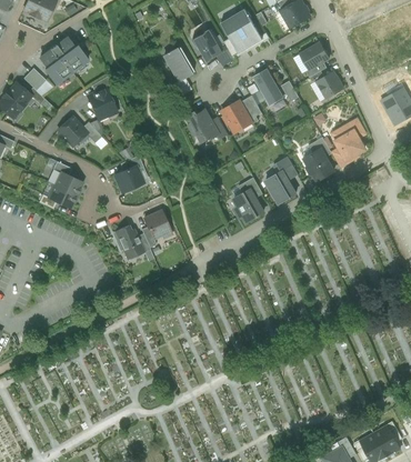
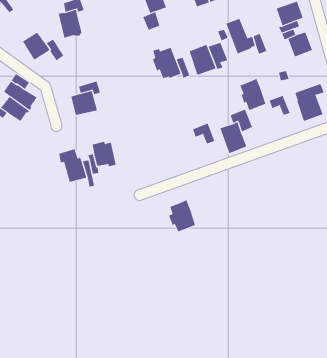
building: [304,149,333,182] -> [240,78,266,111]
building: [234,190,263,223] -> [168,200,196,232]

